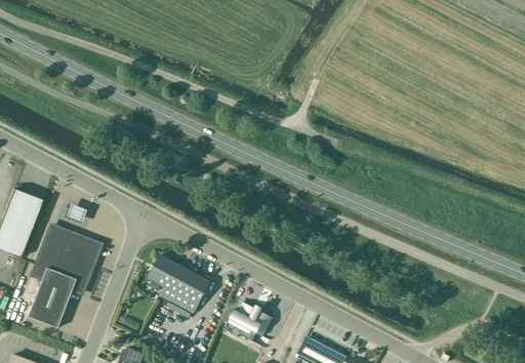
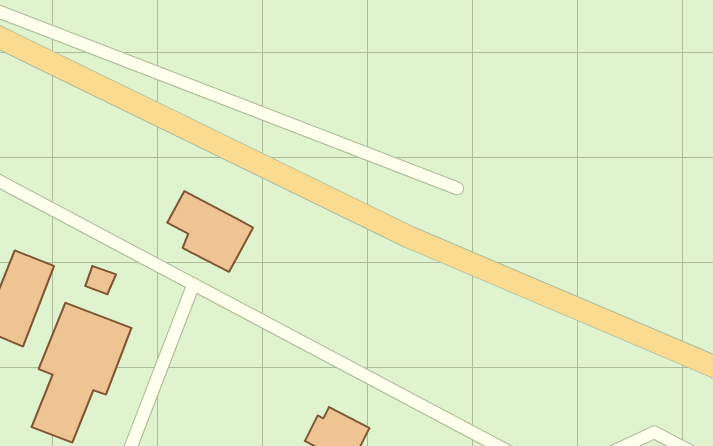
building: [149,254,211,313] -> [167,191,253,272]

